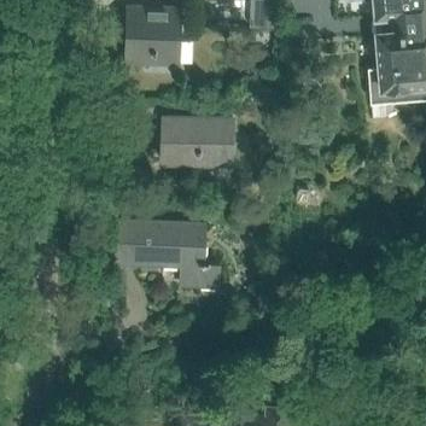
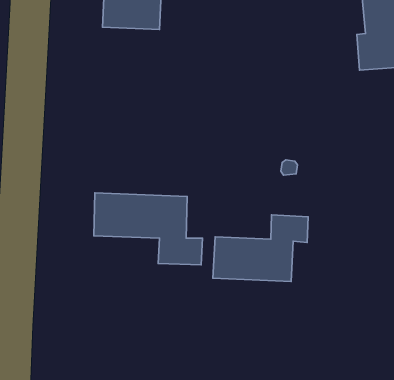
building: [161,118,234,167] -> none
building: none -> [213,215,308,281]

